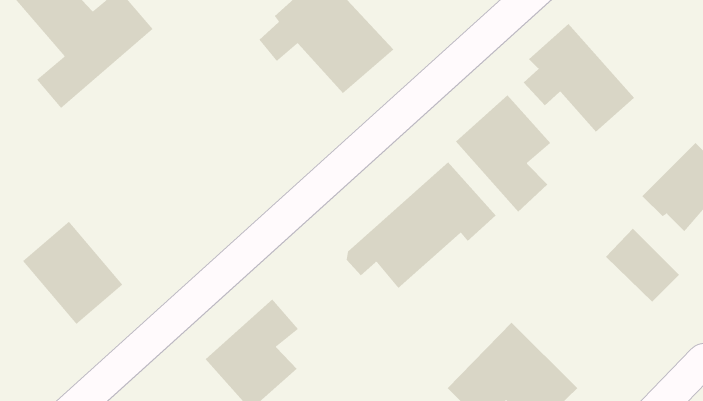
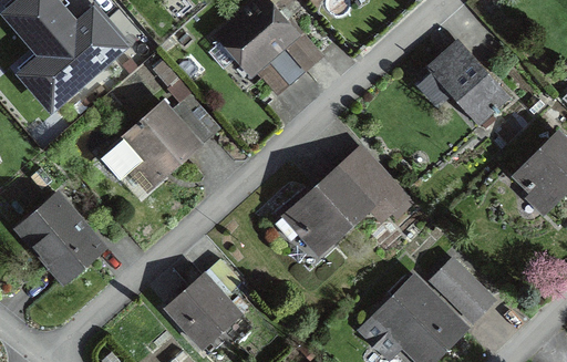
building: [455,95,551,213] -> none
building: none -> [100,101,214,186]
building: [605,228,680,303] -> [431,260,491,320]

